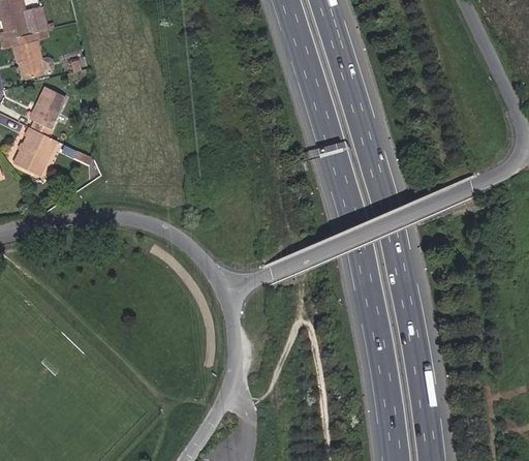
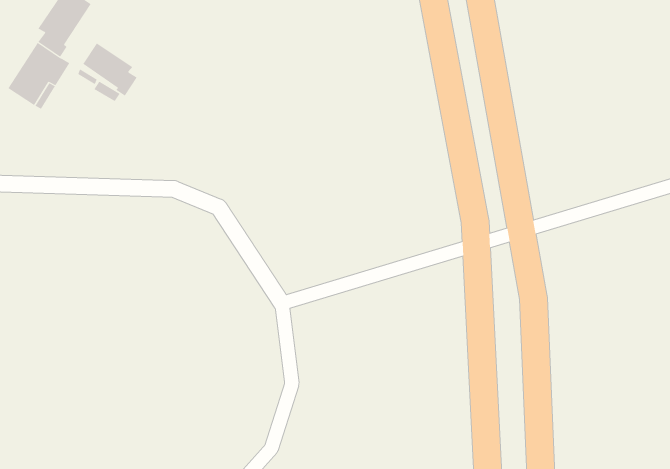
building: none -> [83,42,138,97]

